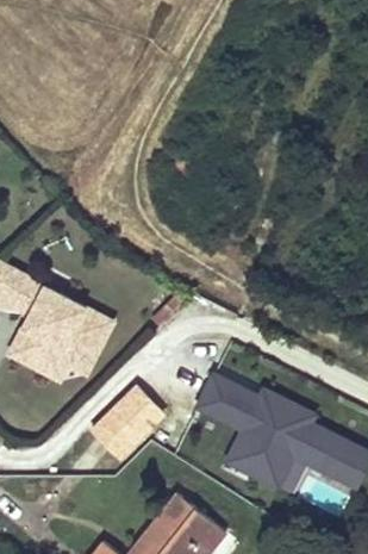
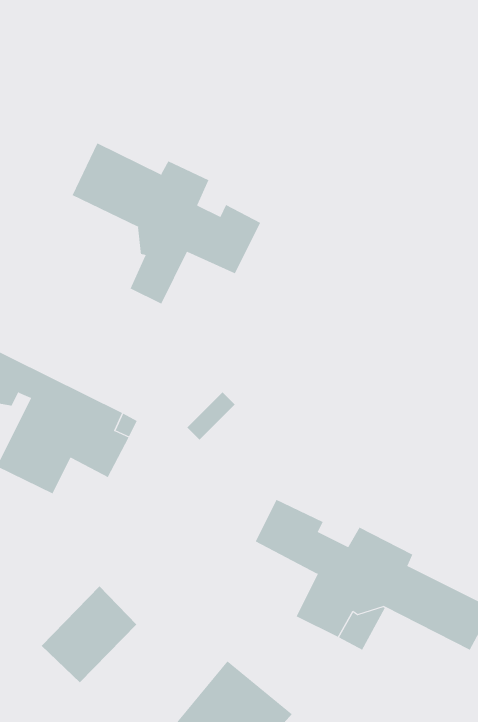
building: none -> [72,142,261,305]
building: [98,379,168,450] -> [41,585,137,683]

